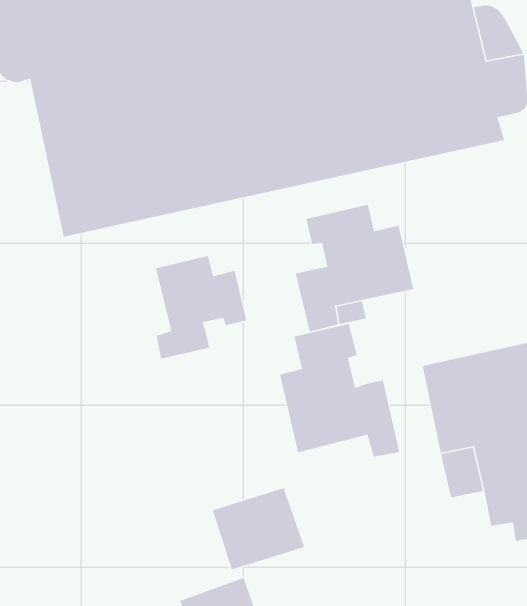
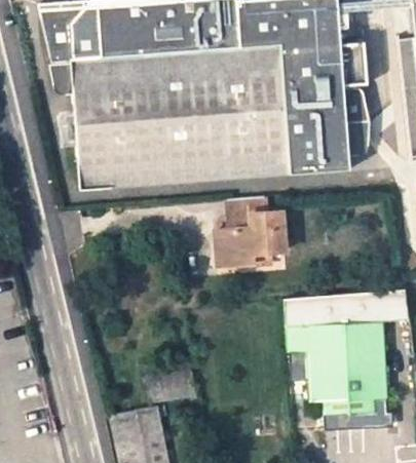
building: [155,255,247,359] -> none
building: [279,323,400,458] -> none

